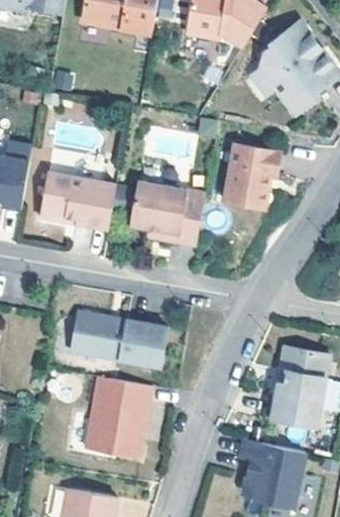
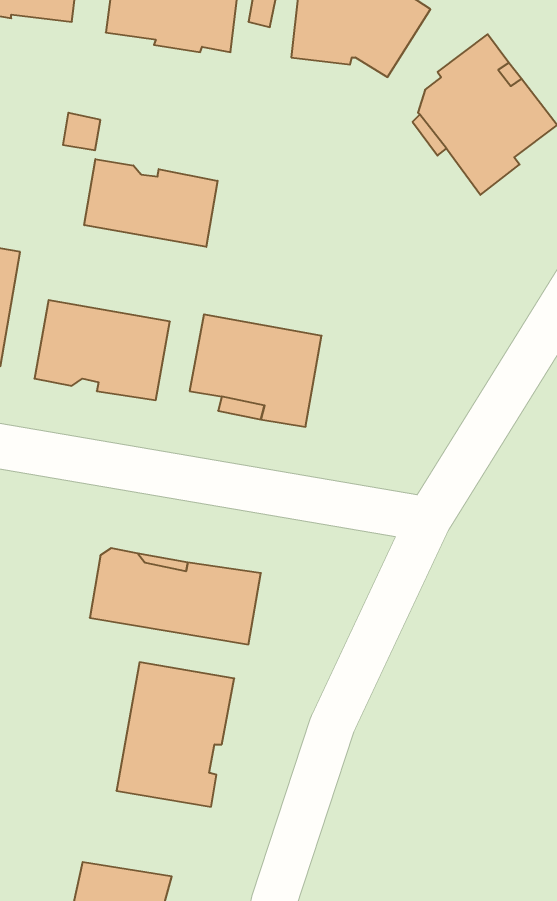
building: none -> [84,159,218,247]
building: [222,143,277,208] -> none
building: [271,345,330,425] -> none
building: [237,435,303,501] -> none

